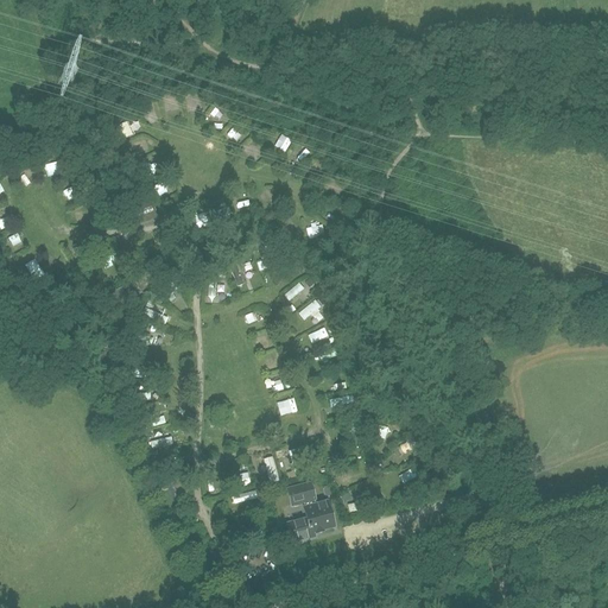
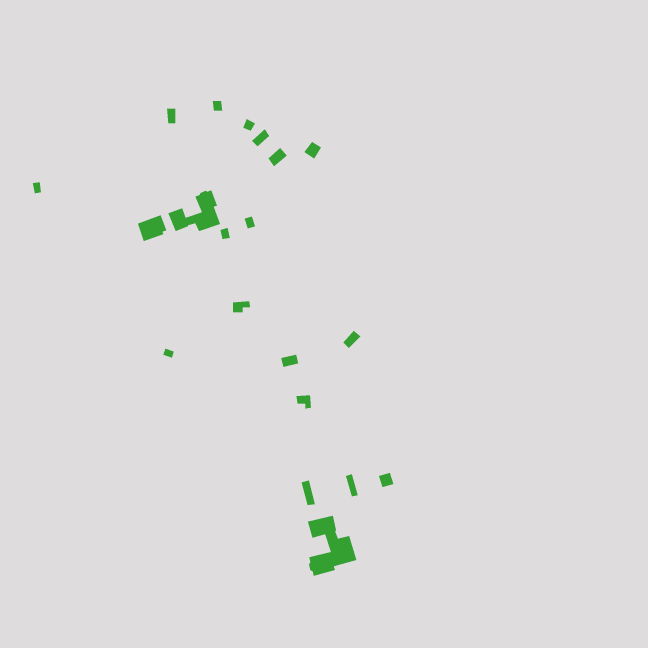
building: none -> [167,189,221,232]

